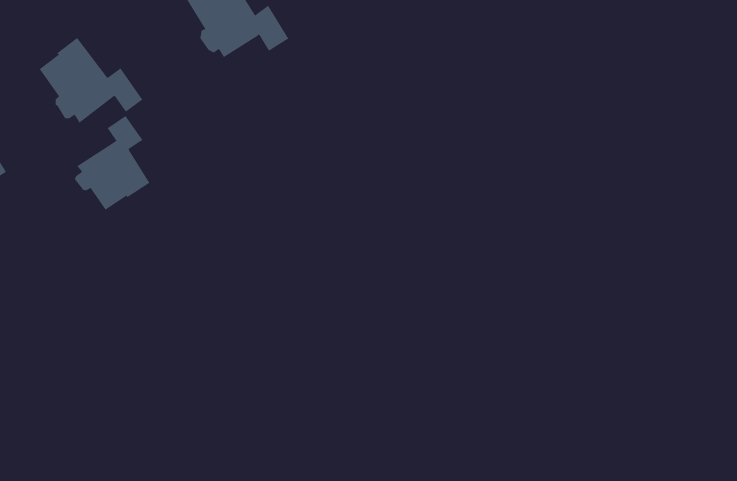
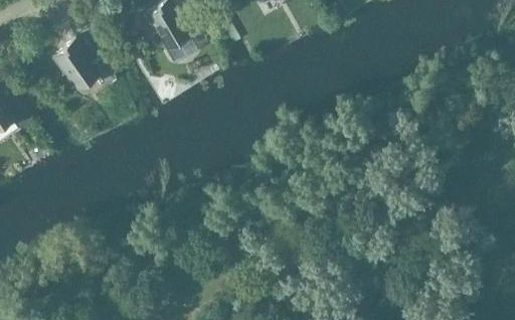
building: [74,115,150,210] -> none

